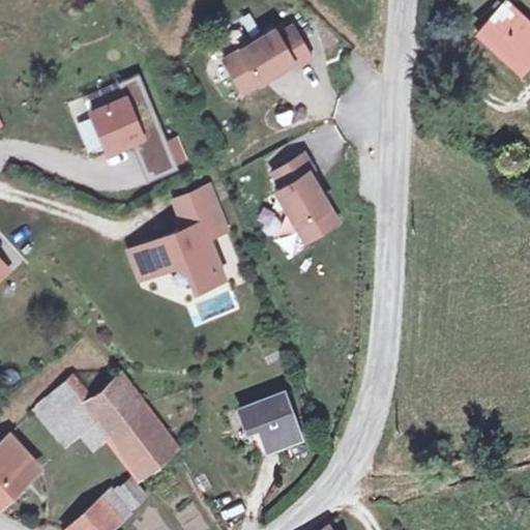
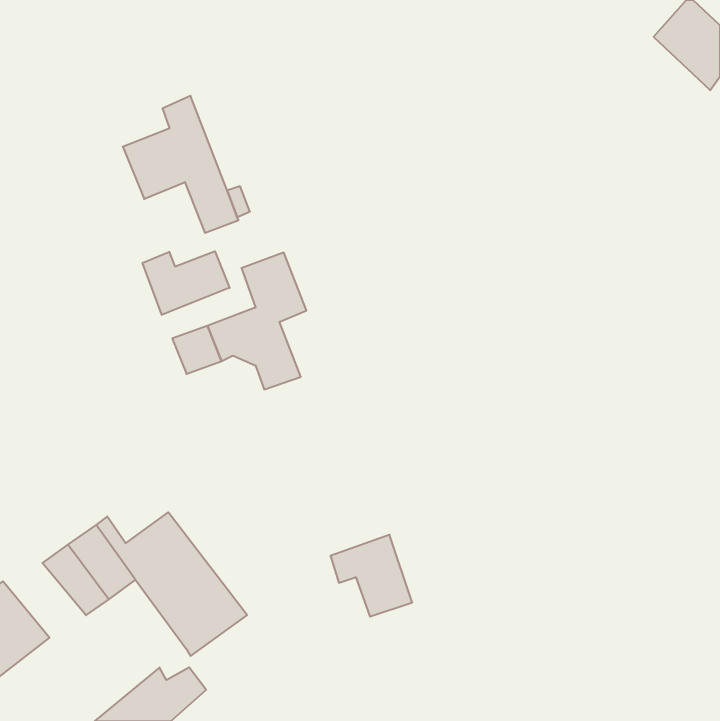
building: [220,32,307,96] -> none
building: [271,159,336,245] -> none
building: none -> [143,251,230,315]

